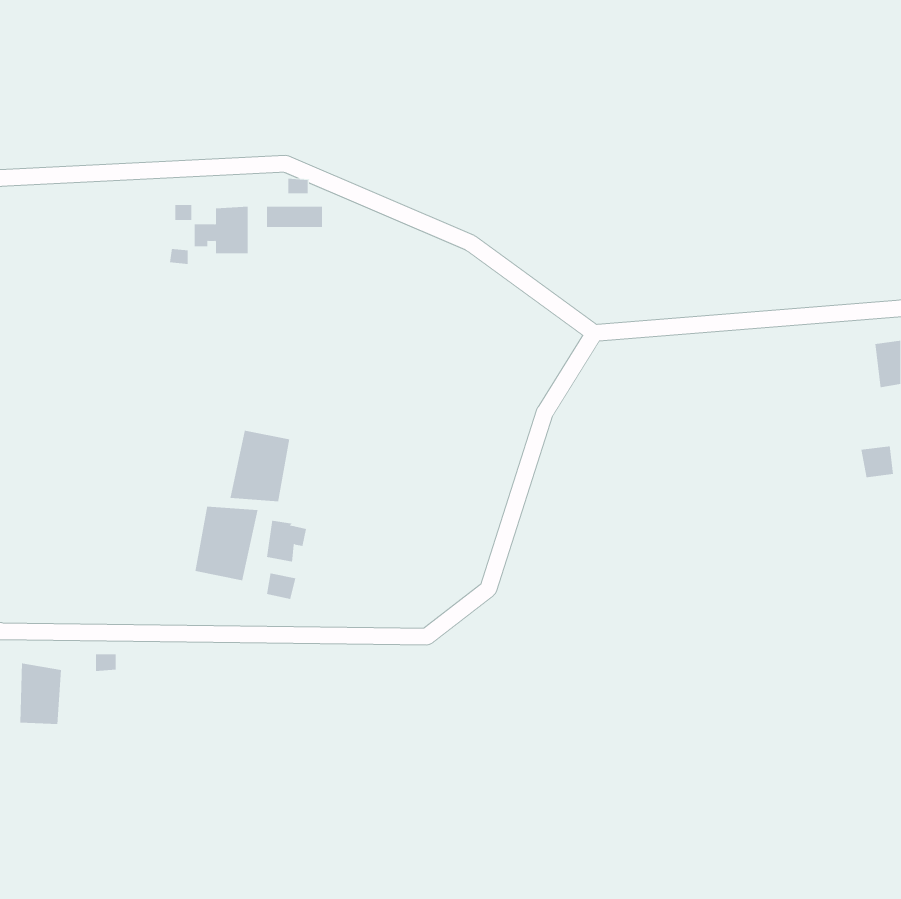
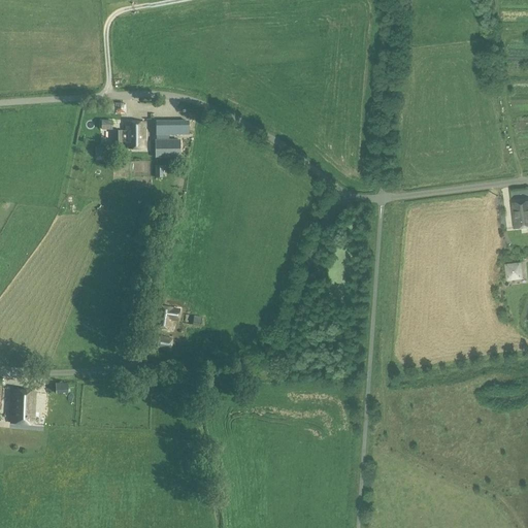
building: none -> [156,139,180,156]
building: [230,430,290,502] -> none
building: [195,506,258,581] -> none

